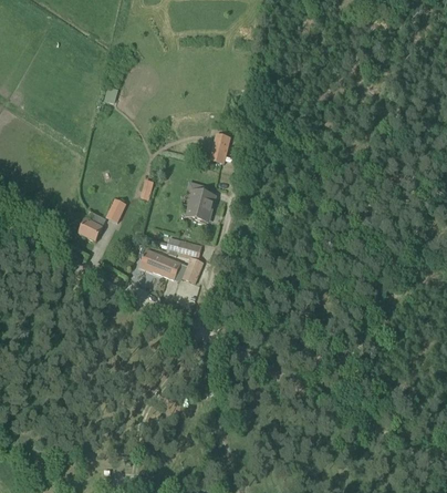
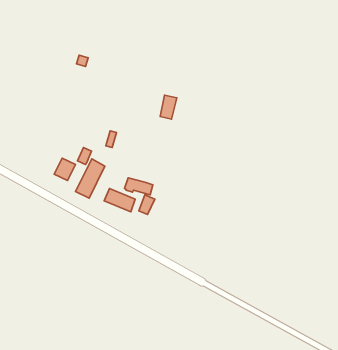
building: [190,189,214,220] -> none
building: none -> [75,159,105,198]

